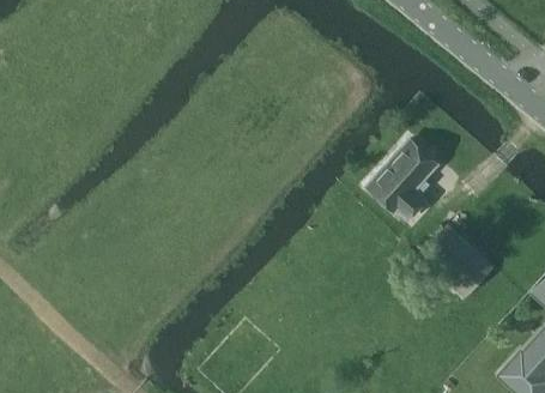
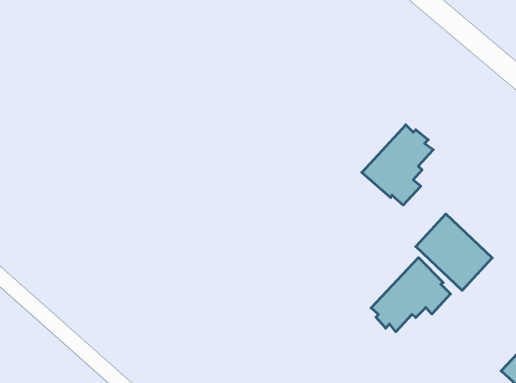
building: none -> [371,258,451,332]

